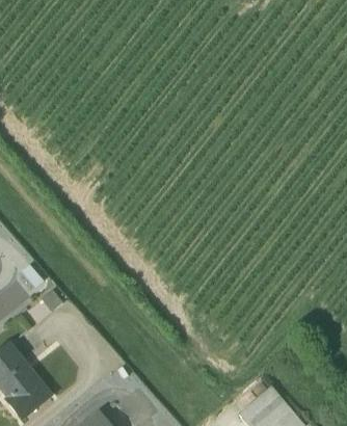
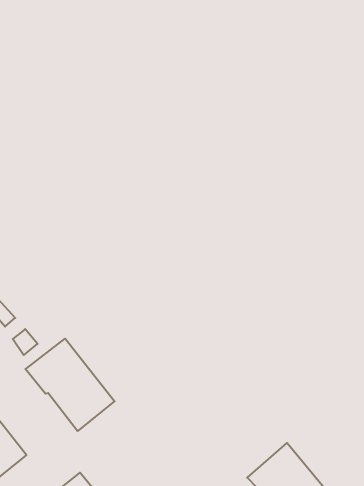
building: none -> [25,339,115,431]

